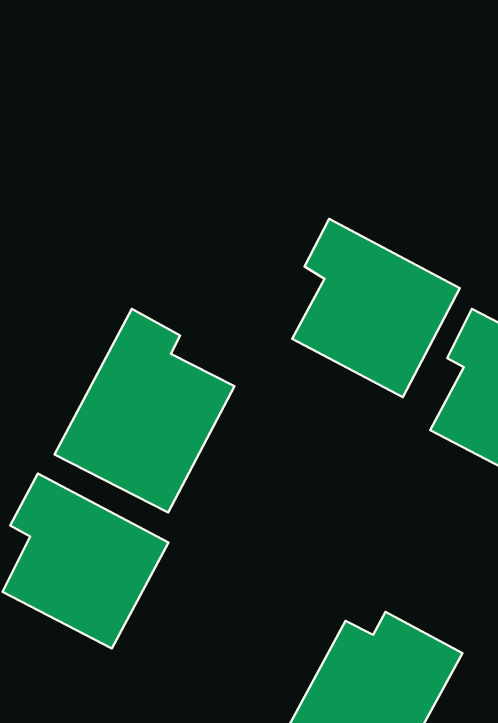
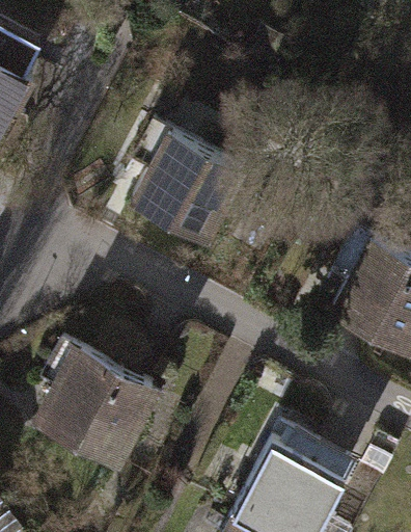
building: [292,219,460,397] -> [130,128,243,248]
building: [55,309,235,512] -> none

